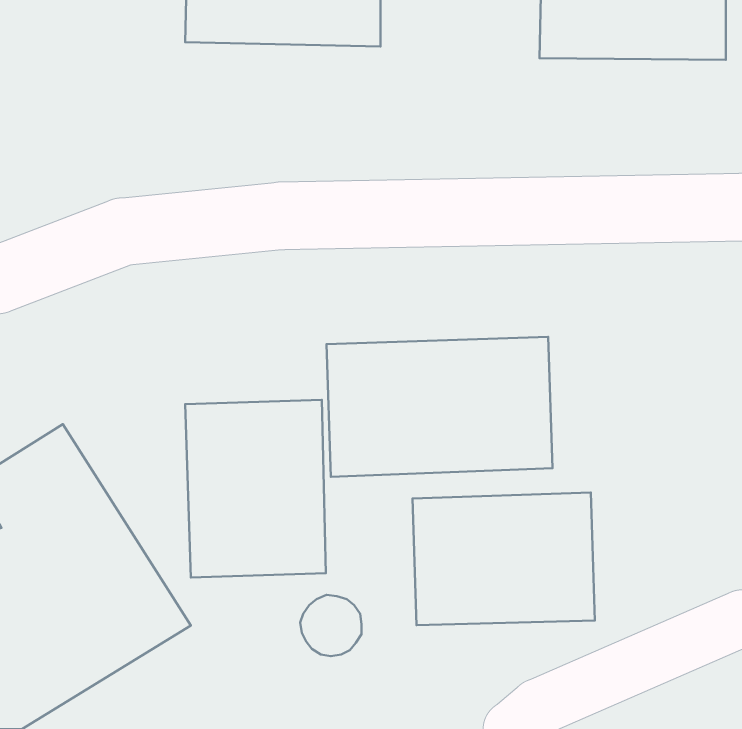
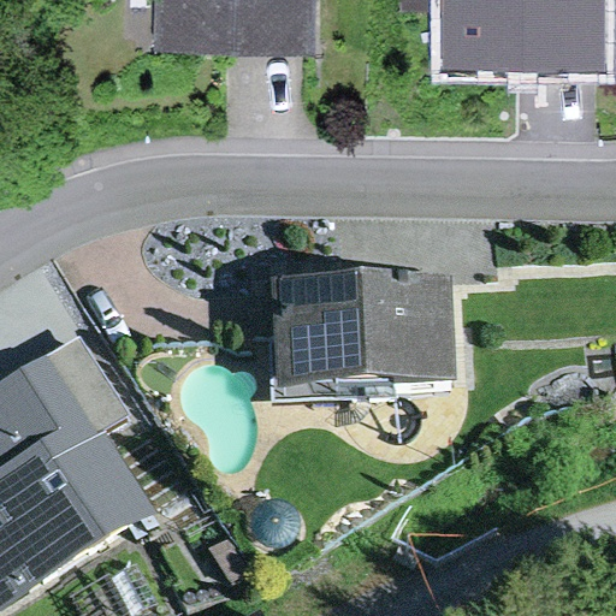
building: [185,400,326,578] -> none
building: [413,493,595,625] -> none

